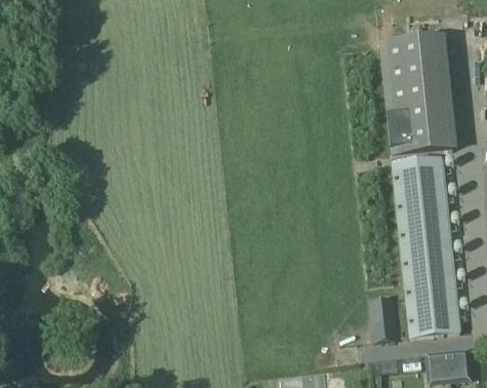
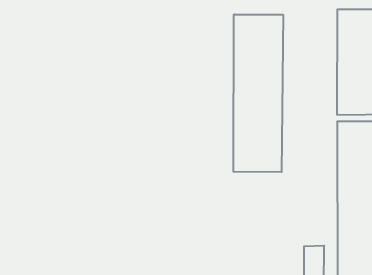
building: none -> [234,14,283,172]

